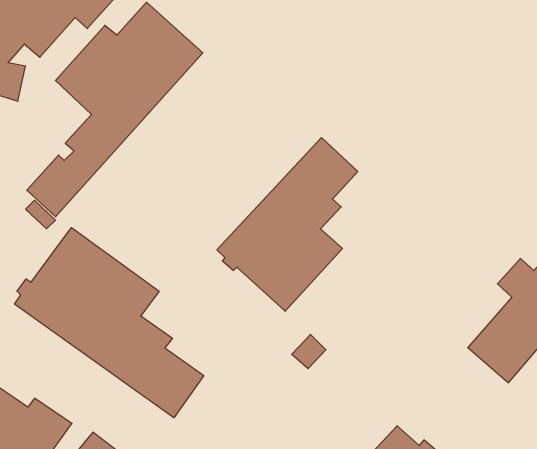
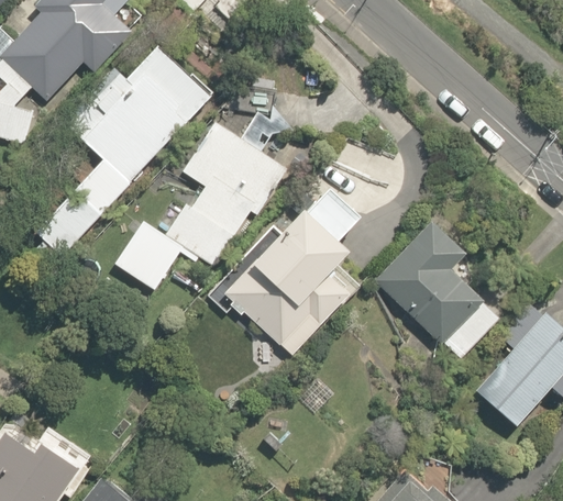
building: none -> [115,85,294,289]
building: none -> [375,221,498,355]
building: [15,228,204,418] -> none

